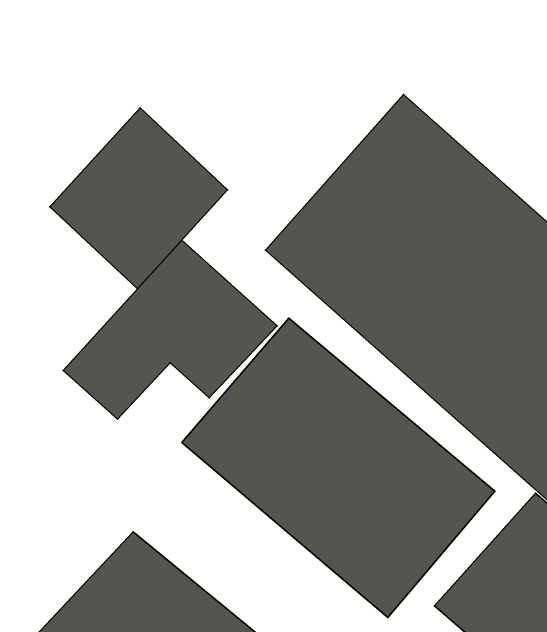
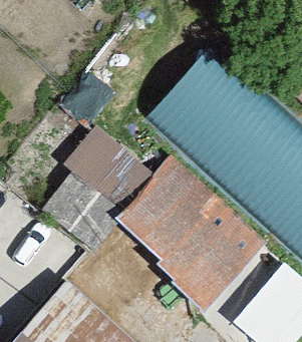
building: [50,108,228,289] -> none

